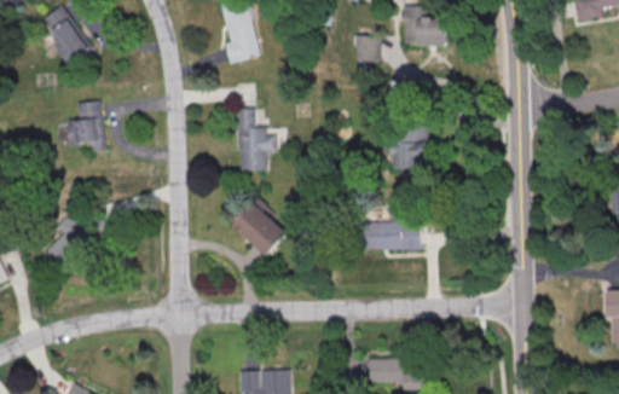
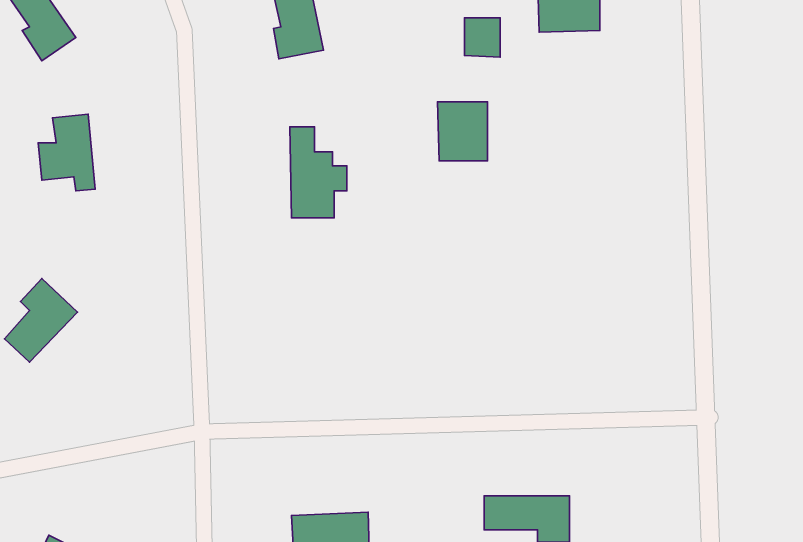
building: [392,128,426,168] -> [437,102,487,161]
building: [231,202,285,256] -> none
building: [368,220,421,250] -> none

